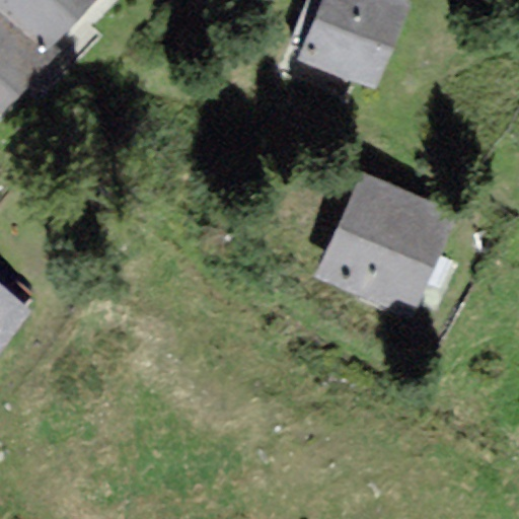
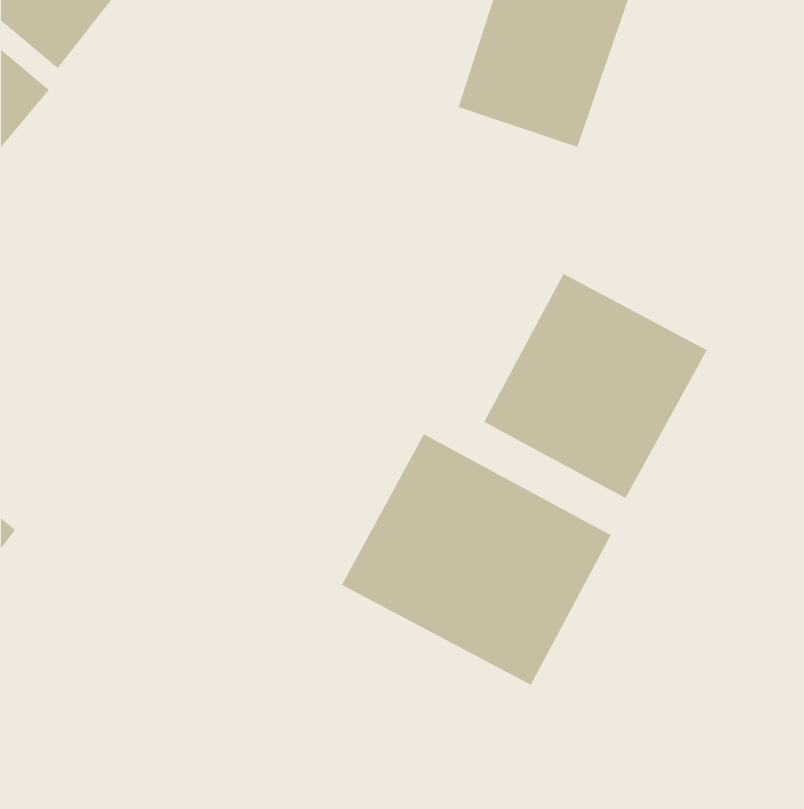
building: none -> [341,433,612,686]

